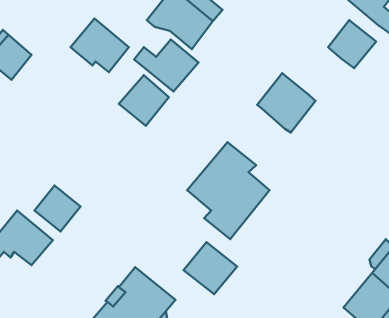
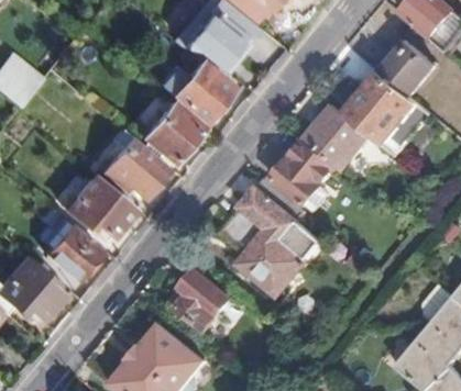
building: [70,18,129,72] -> [98,136,165,198]
building: none -> [347,72,432,158]
building: none -> [268,142,331,202]
building: none -> [63,176,132,238]
building: [184,242,237,294] -> [165,269,227,328]

